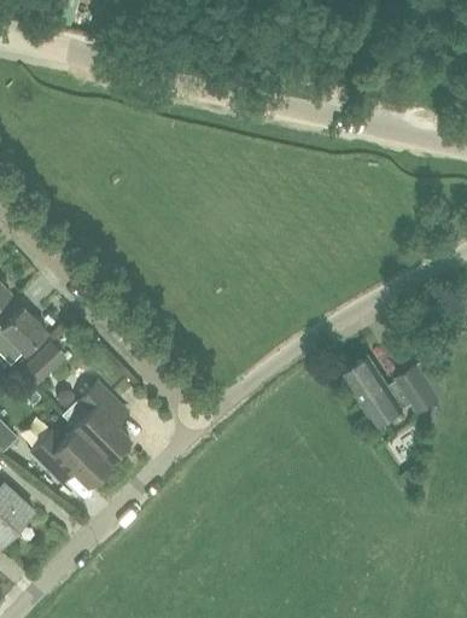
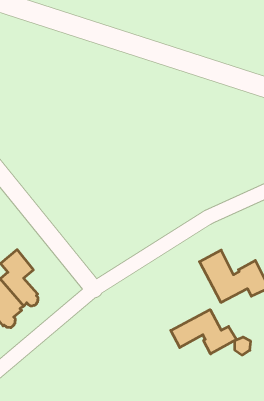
building: none -> [171,310,237,354]

